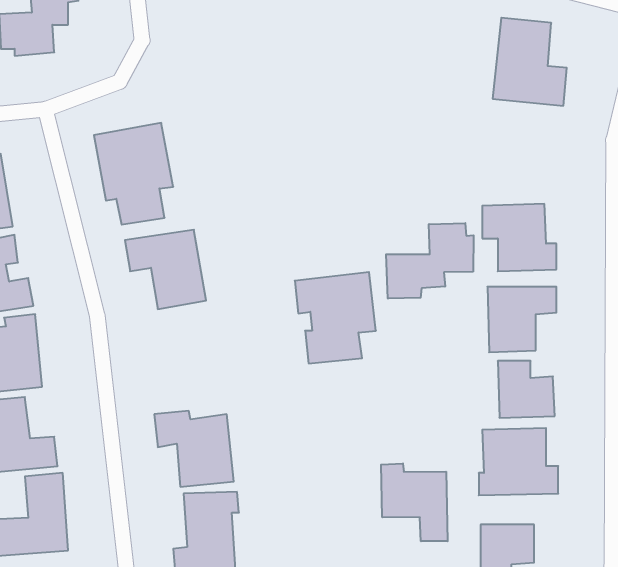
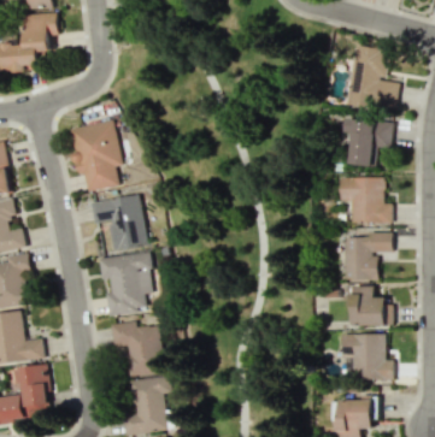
building: none -> [345,119,392,166]
building: [386,223,474,299] -> none
building: [295,272,376,363] -> [98,252,154,315]
building: [381,463,448,541] -> none

